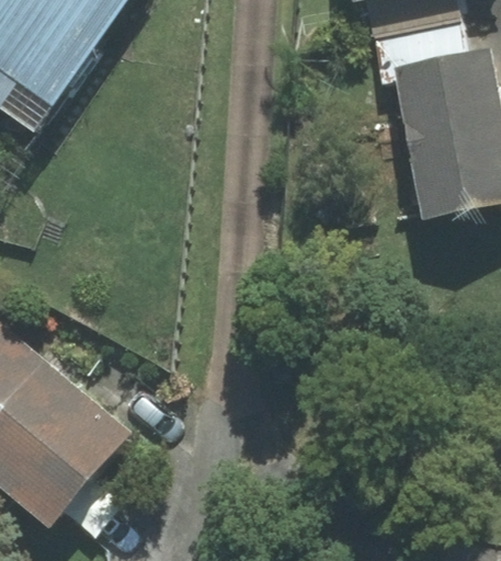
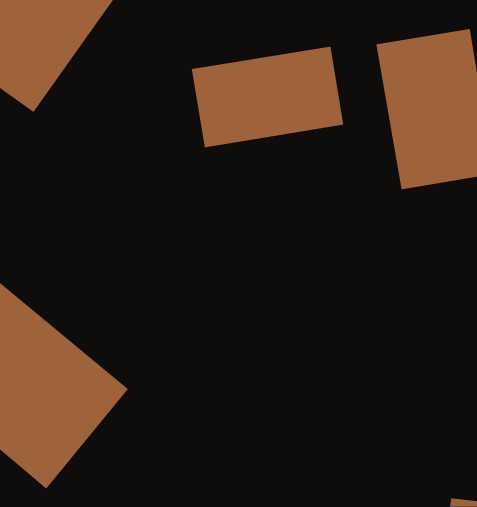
building: none -> [191,46,344,148]

